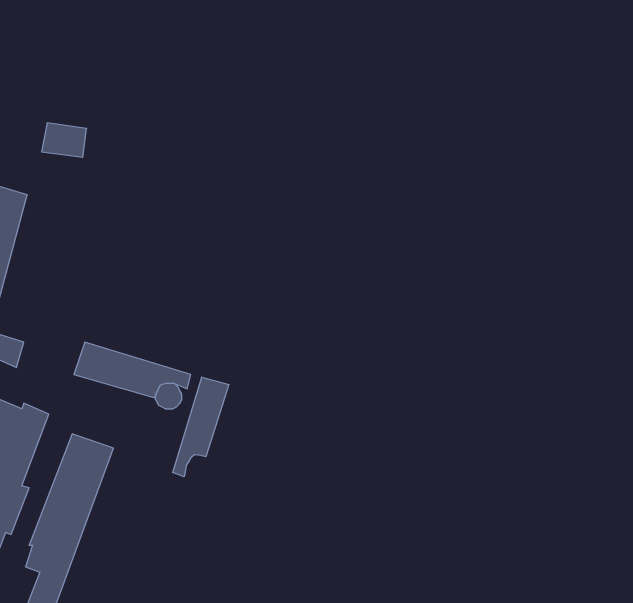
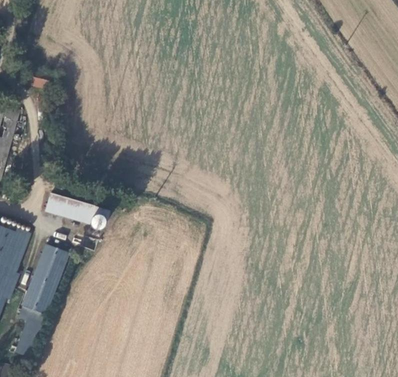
building: [173,377,229,477] -> none

